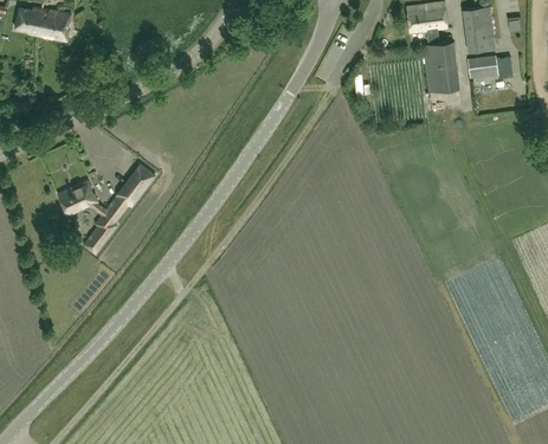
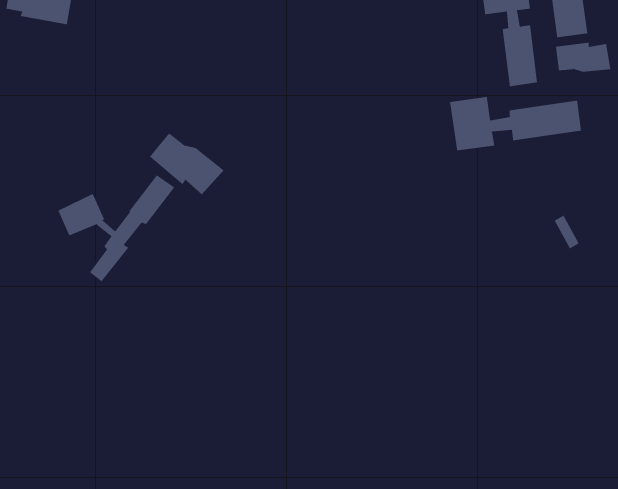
building: none -> [450,96,581,151]
building: none -> [149,133,225,195]

